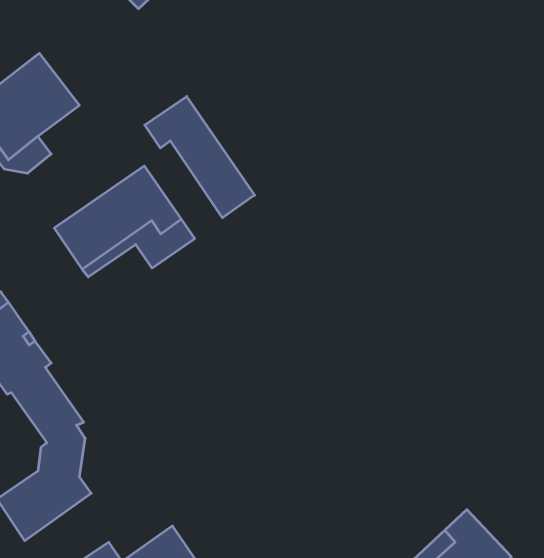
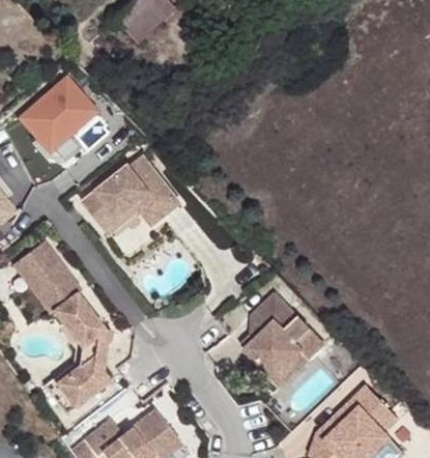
building: [145,96,255,218] -> none
building: none -> [243,287,324,382]

